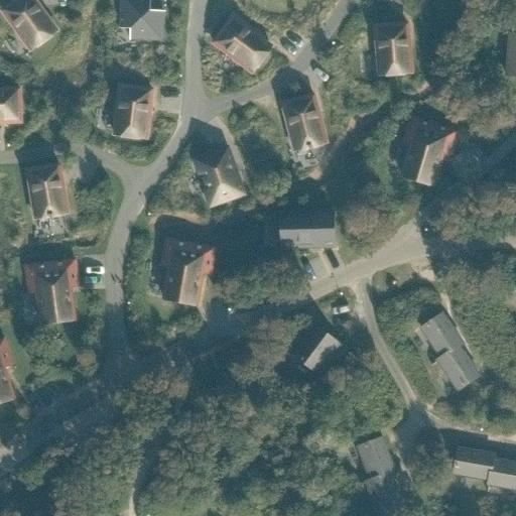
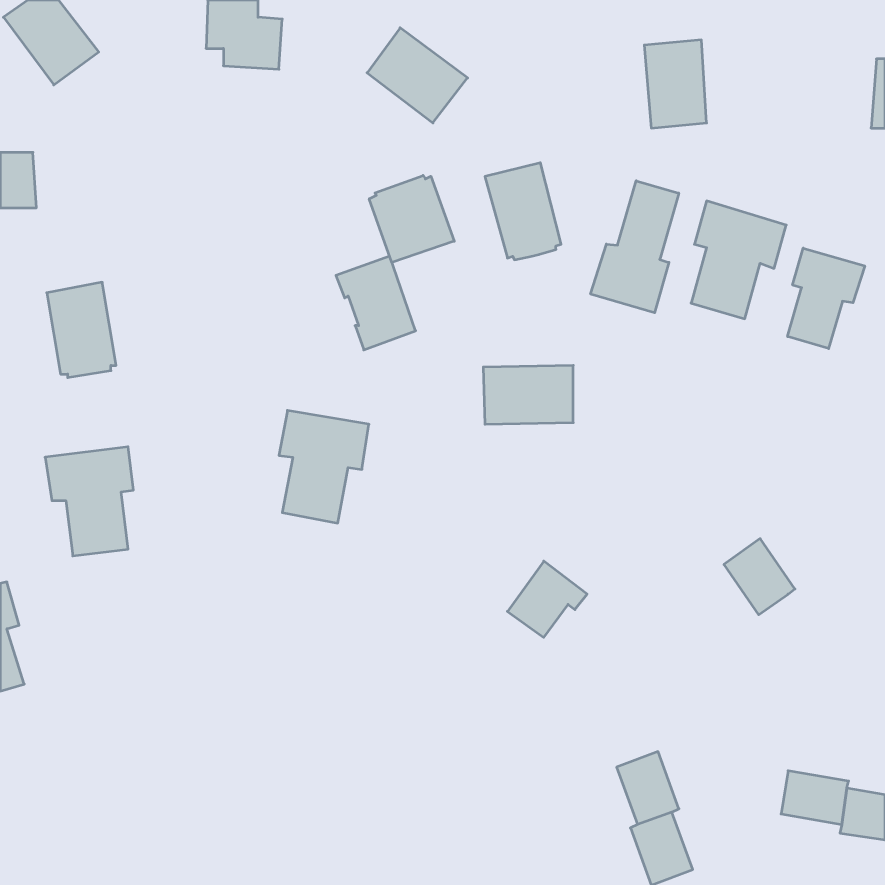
building: [114,86,152,138] -> none
building: none -> [369,175,454,262]
building: none -> [591,181,679,313]
building: none -> [788,248,865,349]
building: [437,346,479,390] -> none

